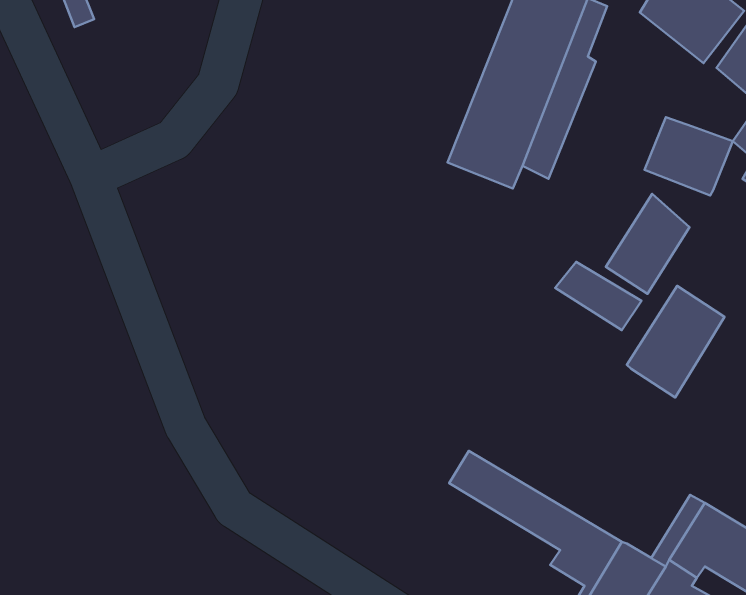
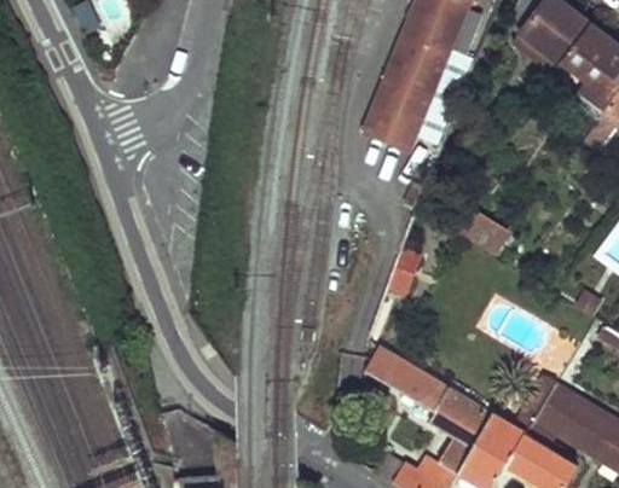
building: [645,117,733,195] -> none
building: [606,194,689,294] -> none
building: [627,286,724,397] -> none

